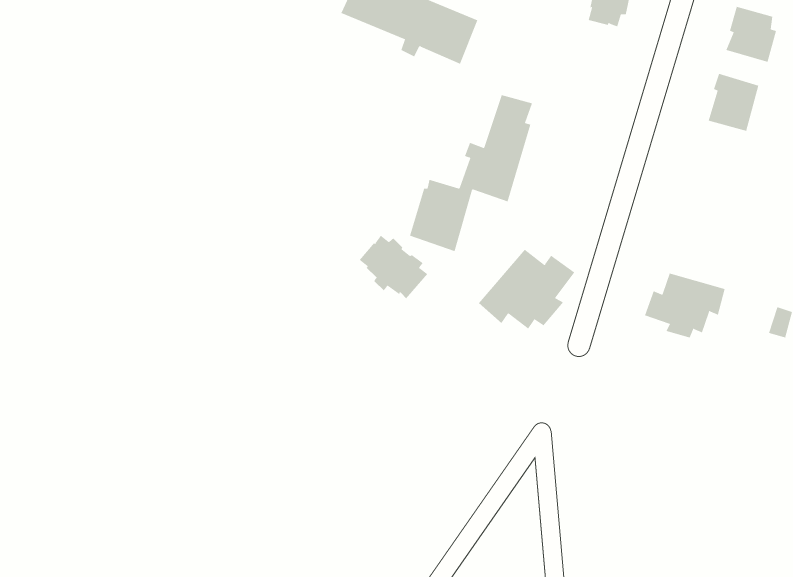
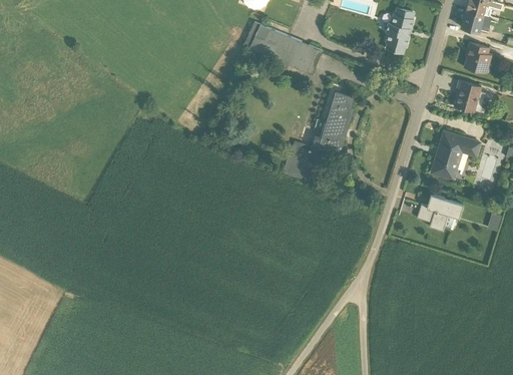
building: none -> [431,131,481,179]
building: [359,235,428,299] -> none
building: [478,249,575,330] -> none

